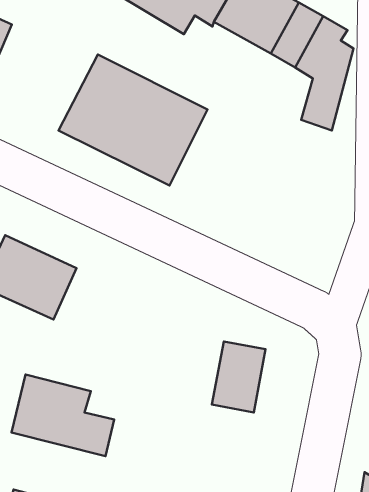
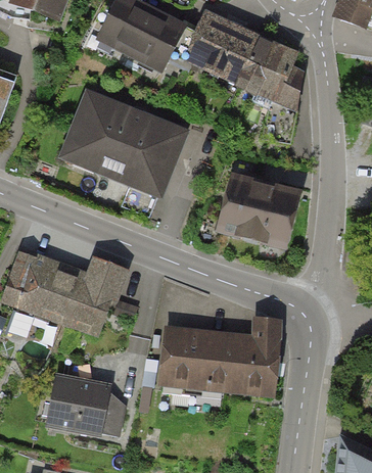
building: none -> [216,178,303,254]
building: none -> [67,256,126,333]
building: none -> [242,316,280,390]
building: none -> [158,323,213,383]

